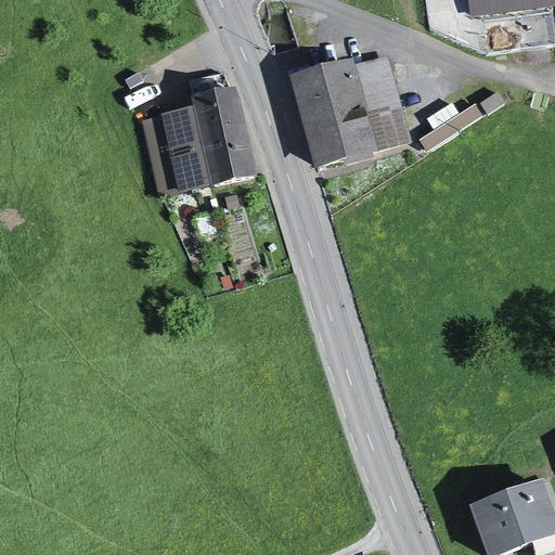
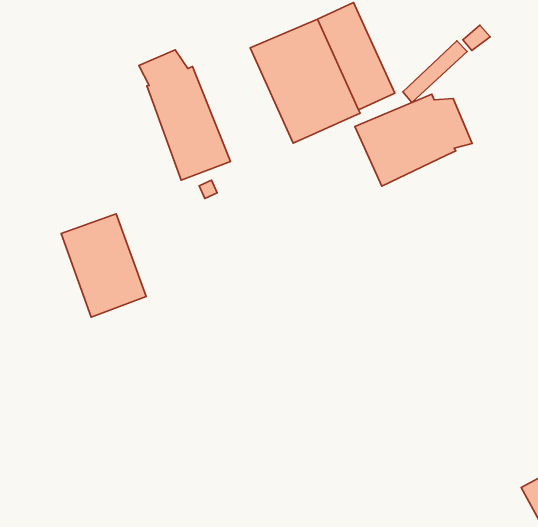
building: [143,108,210,197] -> [61,214,146,317]
building: none -> [355,94,472,186]

